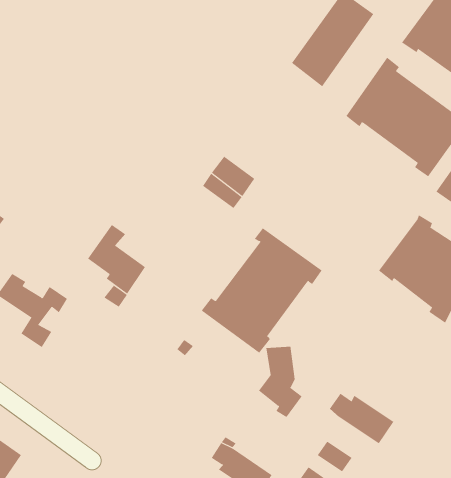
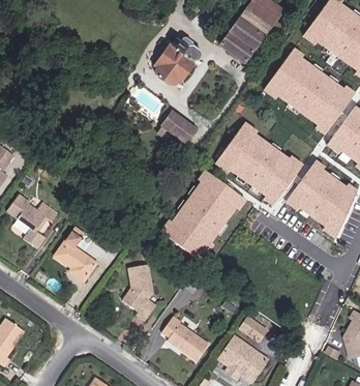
building: none -> [158,40,205,93]
building: none -> [212,117,303,204]
building: [87,224,146,294] -> [57,234,99,285]
building: [258,346,303,418] -> [124,270,156,322]
building: [329,393,394,444] -> none

